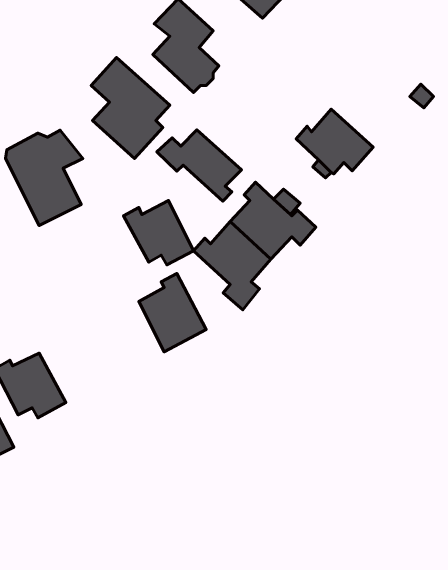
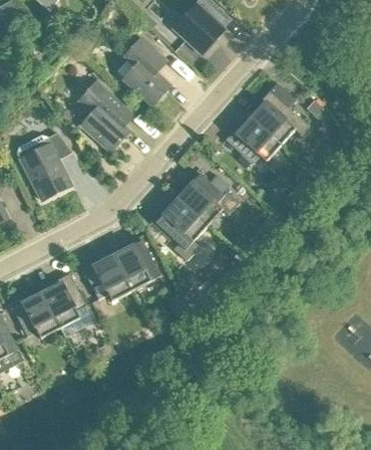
building: none -> [250,81,308,144]
building: [157,130,241,201] -> none
building: [123,200,194,265] -> [80,254,130,300]
building: none -> [41,271,93,335]

